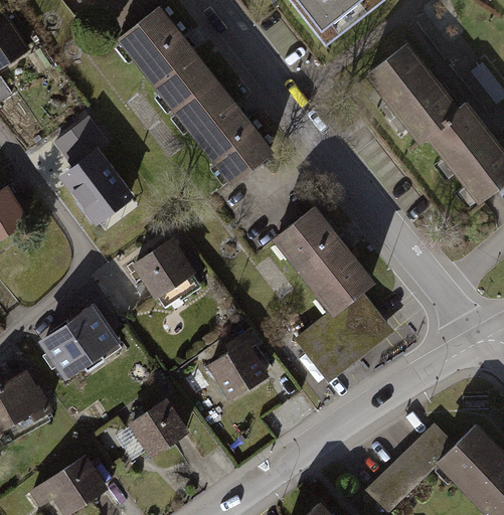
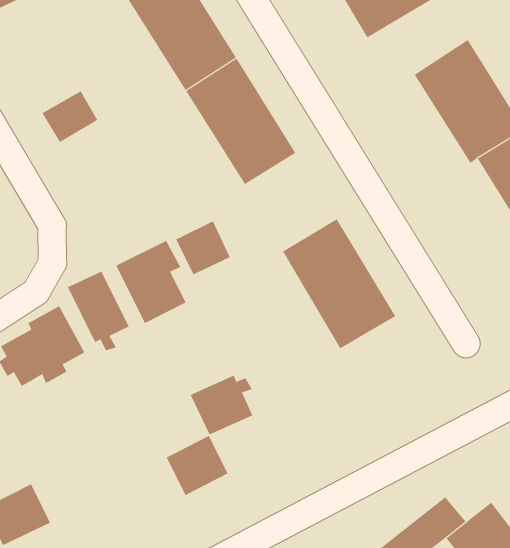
building: [61,151,130,221] -> none
building: none -> [175,220,231,275]
building: none -> [67,271,129,351]
building: [293,291,392,384] -> none
building: [132,401,186,455] -> [166,435,228,496]

